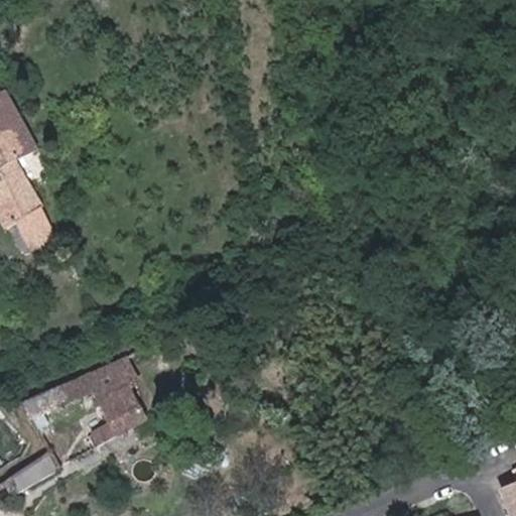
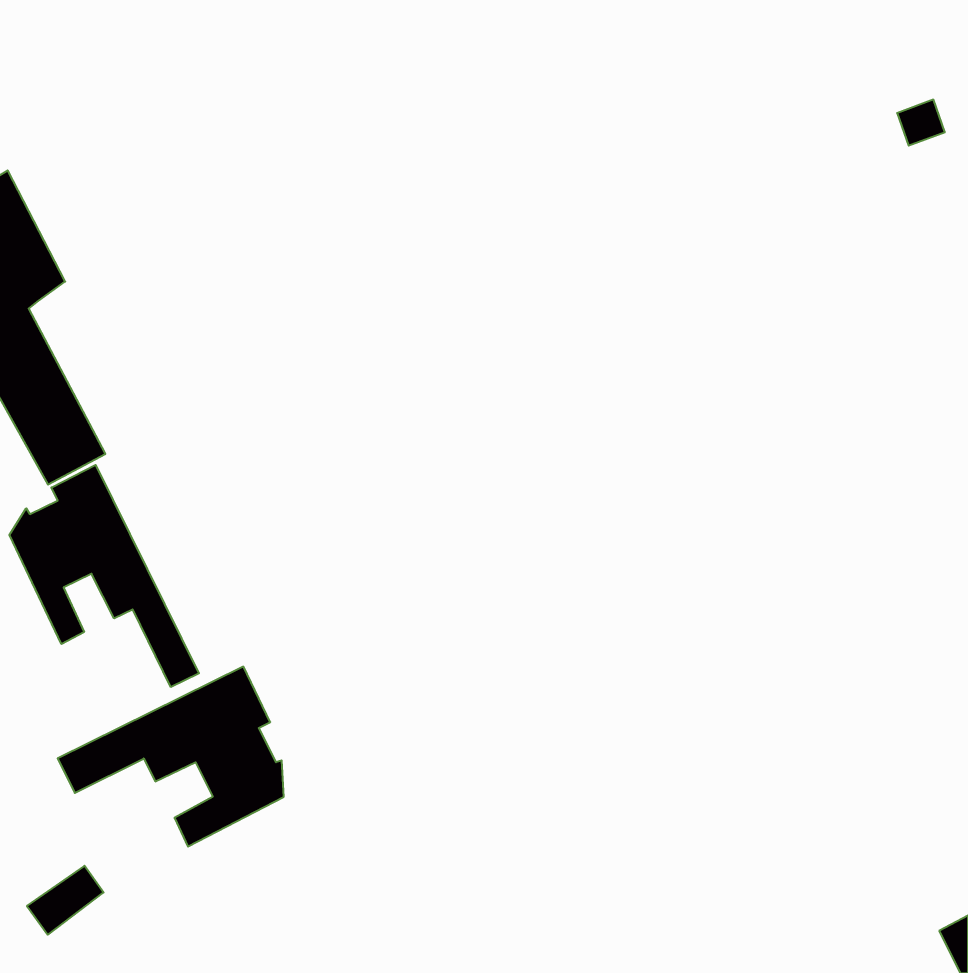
building: none -> [9,465,199,687]

